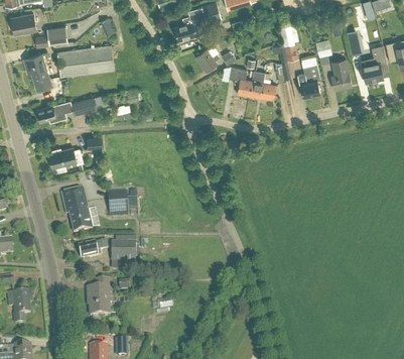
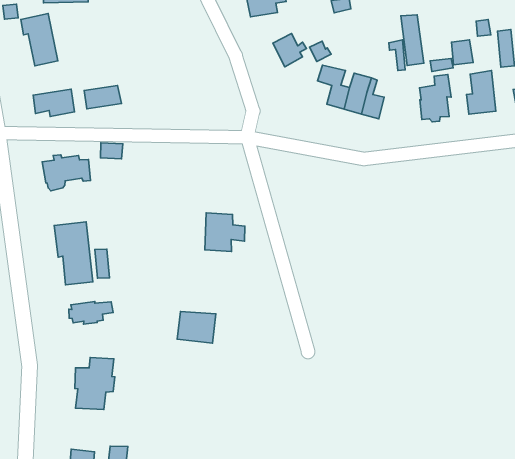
building: [56,43,114,76] -> none
building: [108,192,136,218] -> [205,213,245,251]
building: [110,243,134,263] -> [177,311,216,343]

